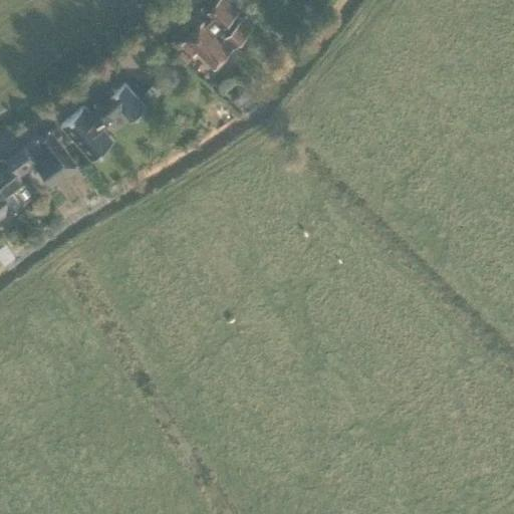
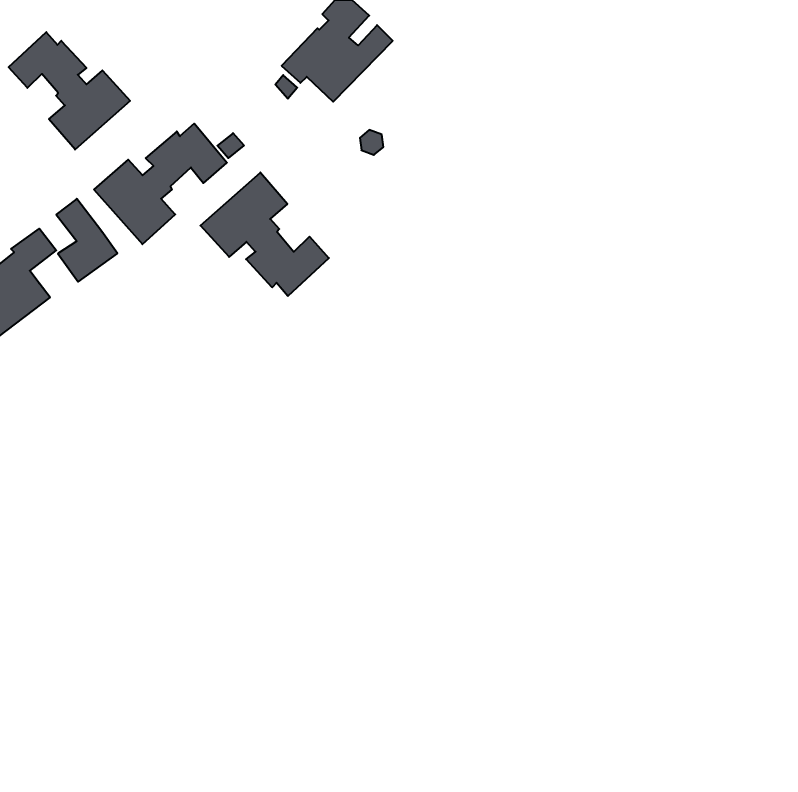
building: none -> [9,32,130,150]
building: none -> [200,172,329,296]

